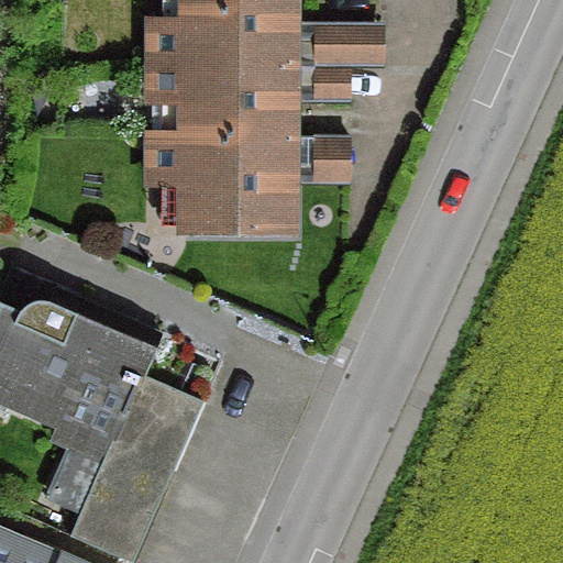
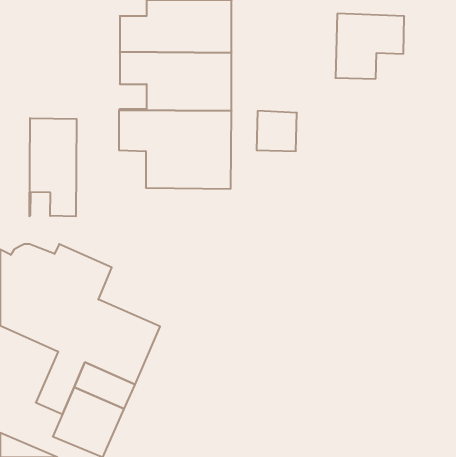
building: [316,21,400,101] -> [335,14,404,79]
building: none -> [29,118,77,216]

